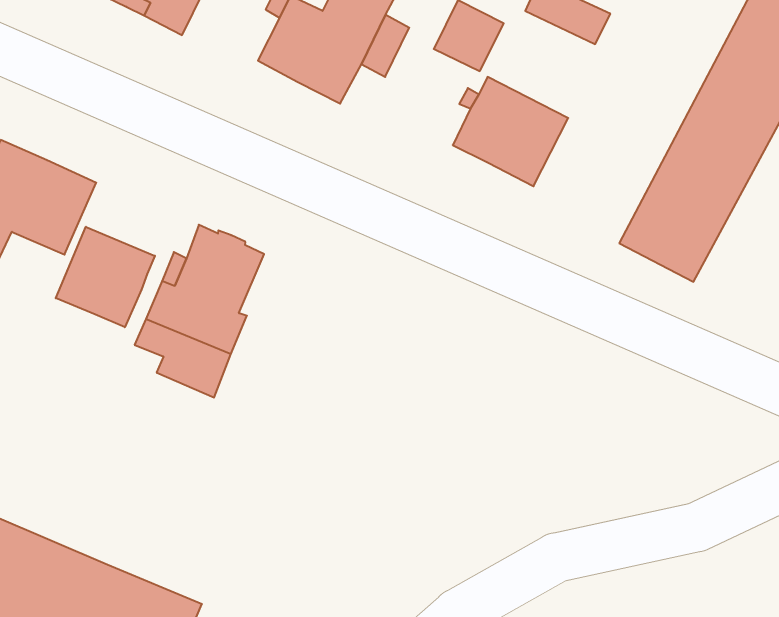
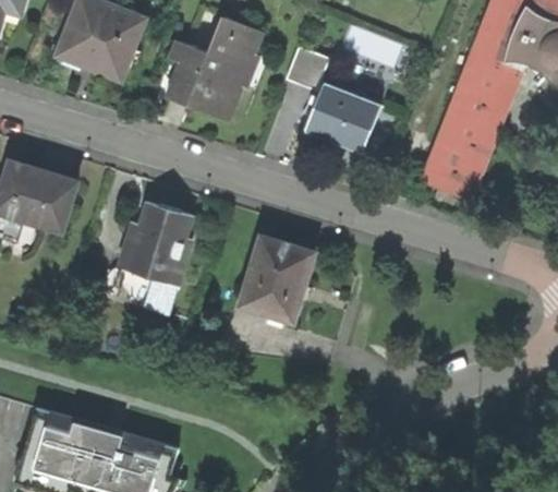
building: [56,227,155,327] -> none
building: none -> [242,236,313,320]

